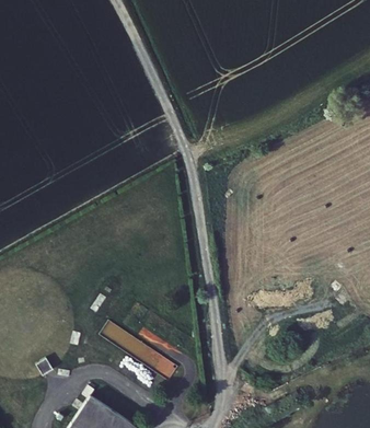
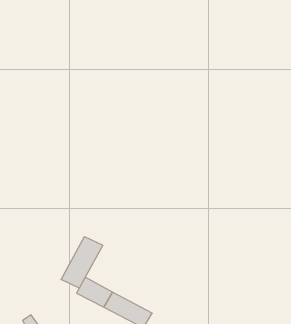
building: none -> [61,237,103,288]

